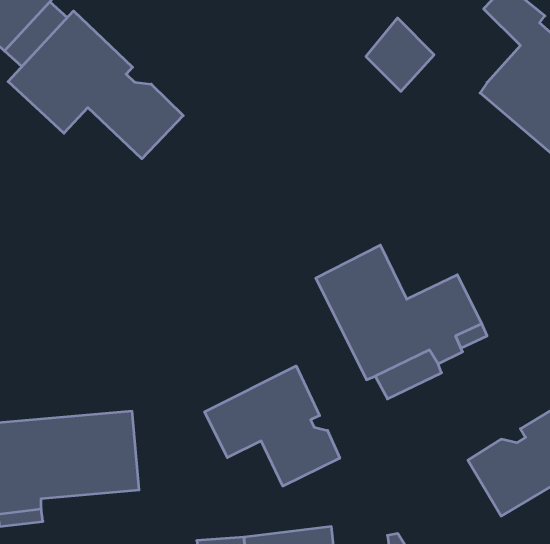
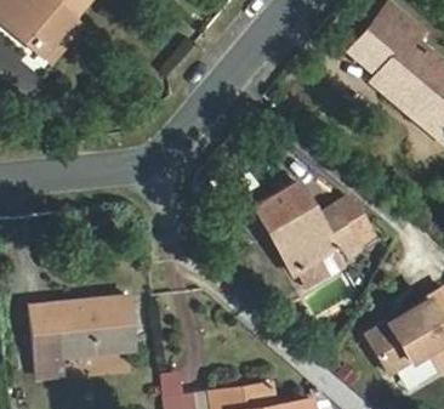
building: [8,11,183,159] -> none
building: [366,18,434,91] -> [353,21,400,72]
building: [205,366,340,486] -> none

